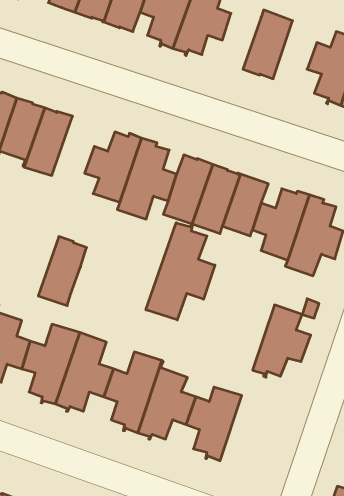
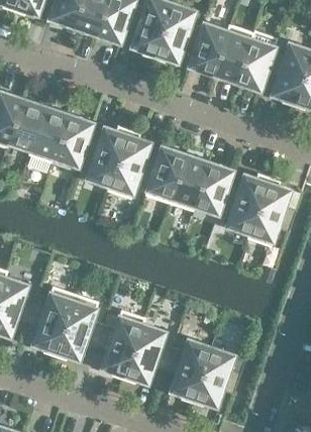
building: none -> [189,22,227,74]
building: none -> [236,39,275,90]
building: [146,223,215,320] -> none
building: [38,237,87,306] -> [53,113,93,171]
building: [253,305,311,377] -> [193,346,241,407]

